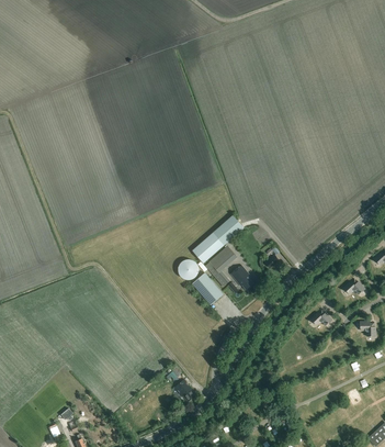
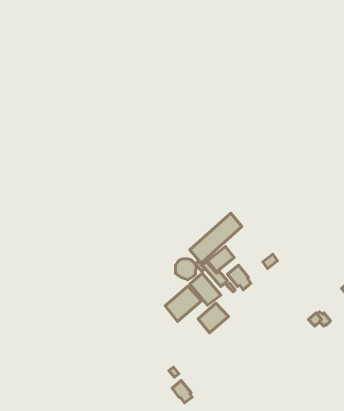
building: none -> [165,286,202,321]
building: none -> [198,303,228,333]

